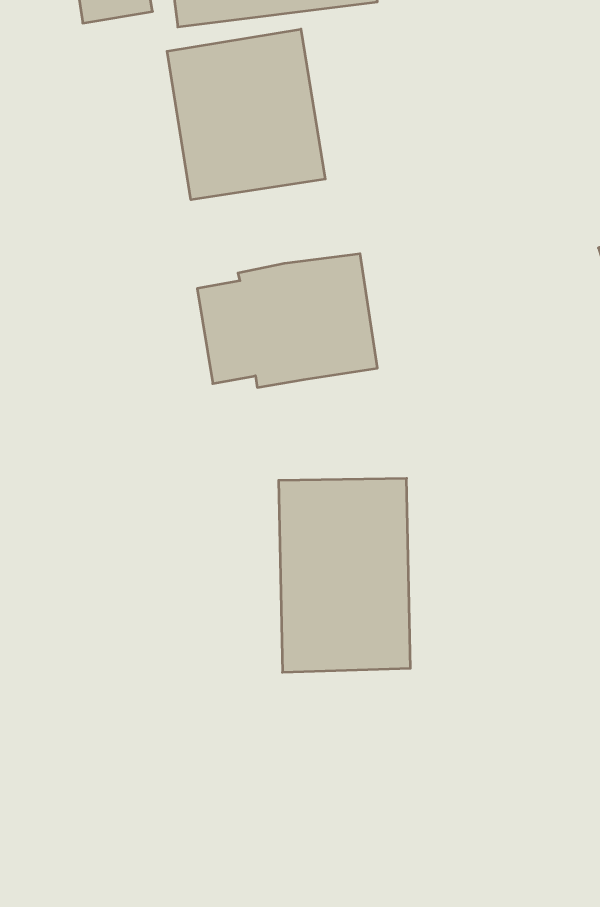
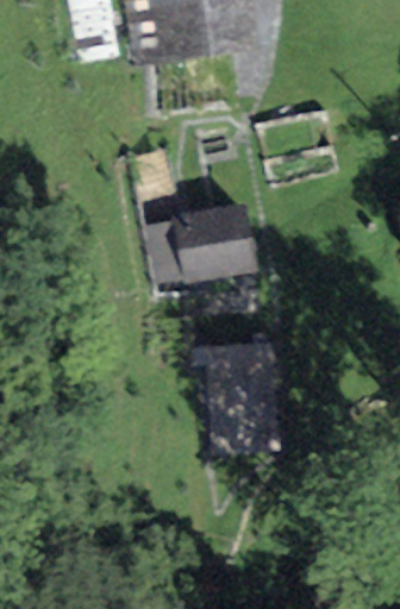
building: [167,29,325,200] -> none

